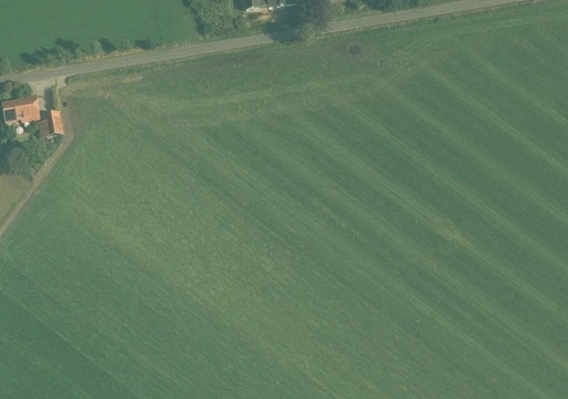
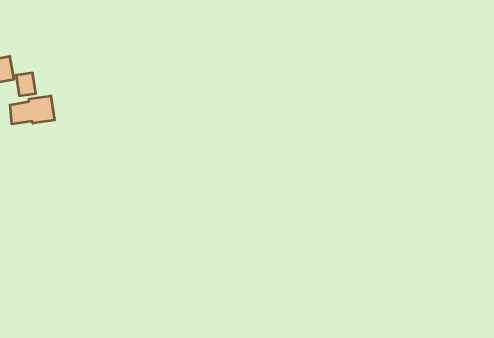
building: none -> [10,96,55,124]

